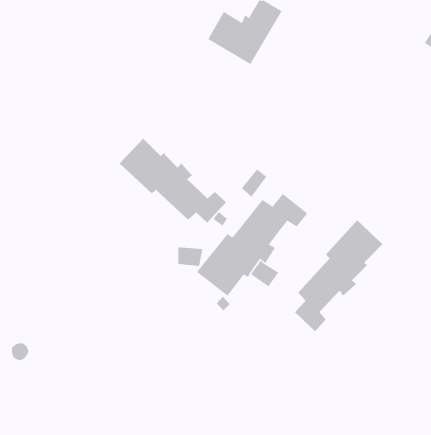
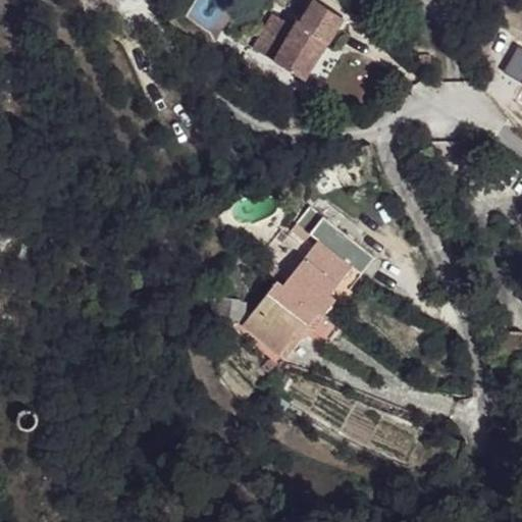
building: [119,138,227,223] -> none
building: [294,220,383,332] -> none

